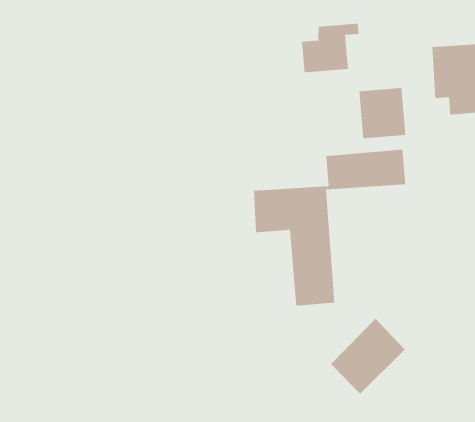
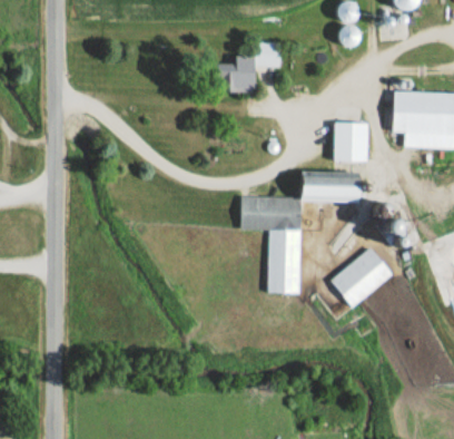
building: [301,23,359,73] -> [220,53,268,90]
building: [330,318,406,395] -> [330,246,393,308]

